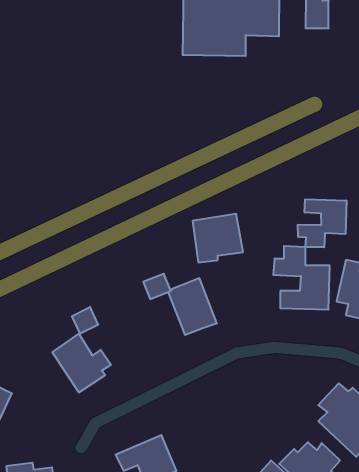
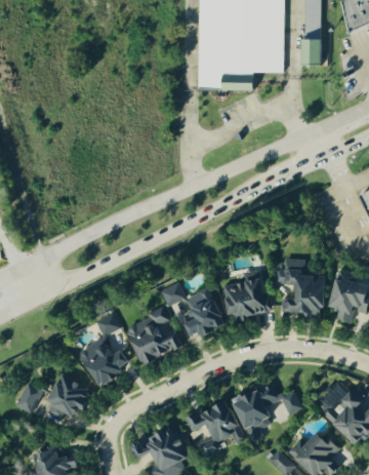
building: [298,199,346,247] -> none
building: [193,214,243,262] -> [227,279,272,322]
building: none -> [128,309,181,365]
building: none -> [51,377,95,420]
building: none -> [237,385,302,435]
building: none -> [190,402,244,443]

